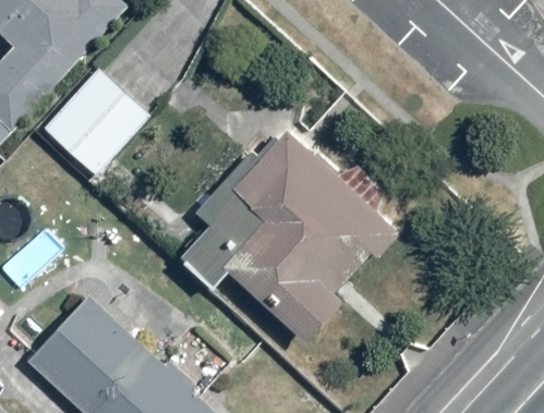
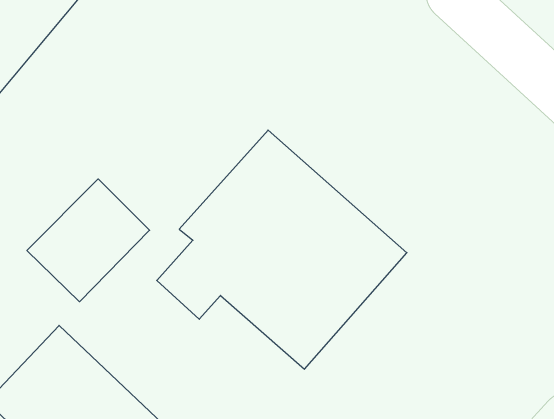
building: [45,70,152,177] -> [27,179,150,302]

